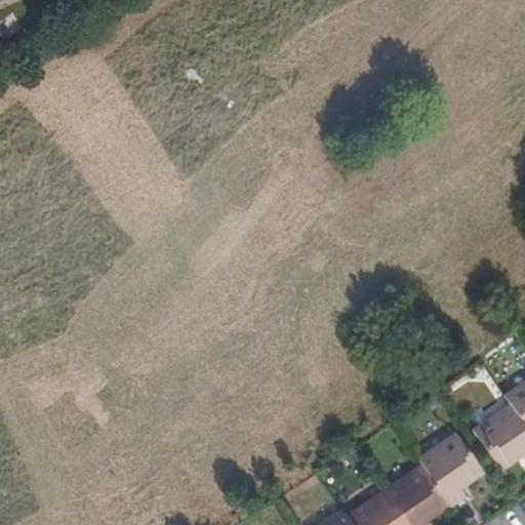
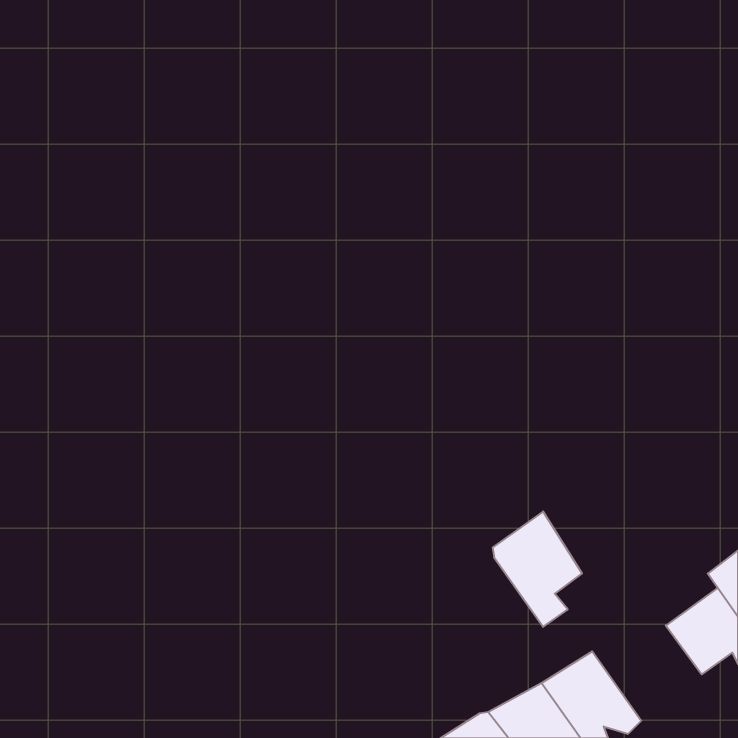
building: [419,430,483,512] -> [493,511,582,627]

